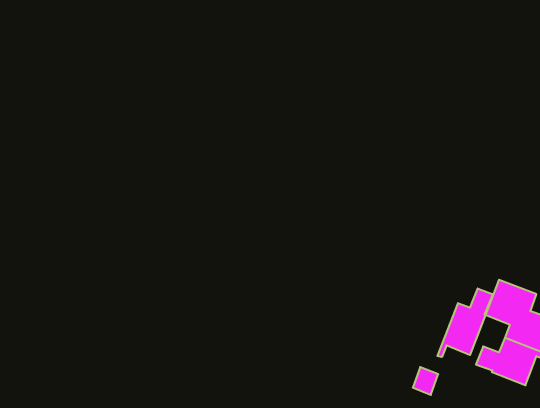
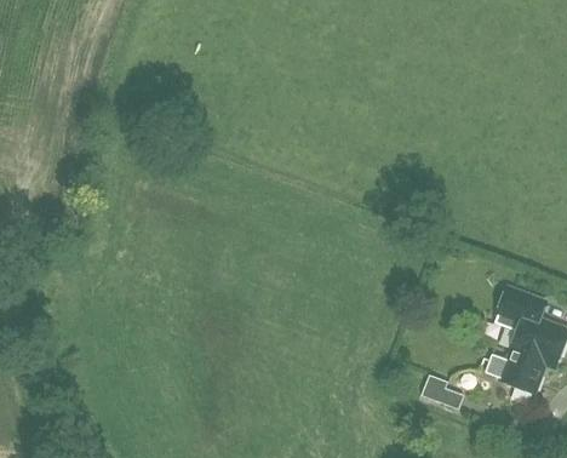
building: [437,288,493,357] -> none

